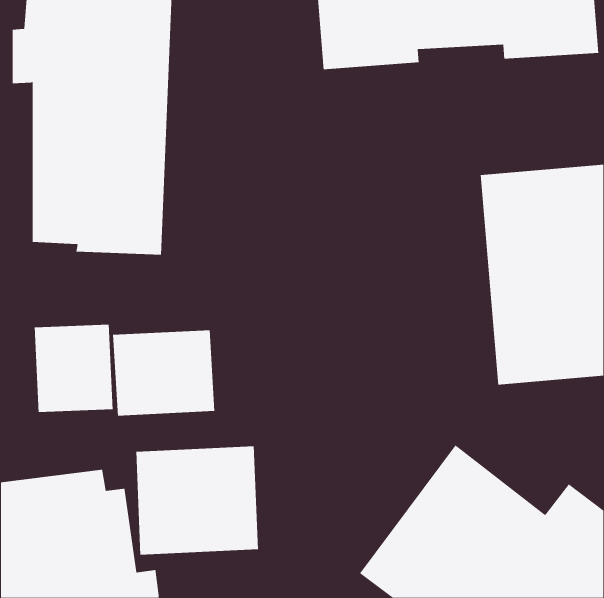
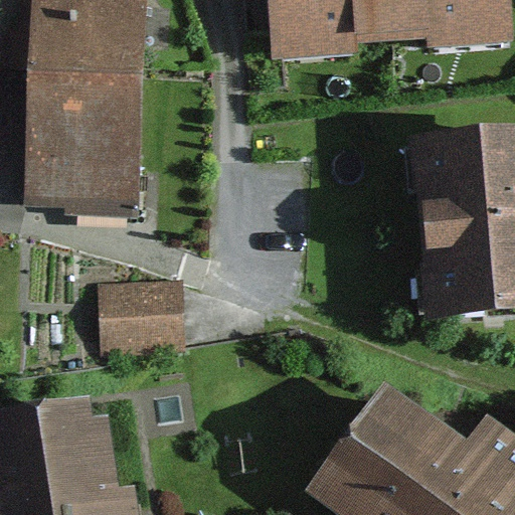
building: [34,324,113,413] -> none
building: [136,445,258,555] -> none

